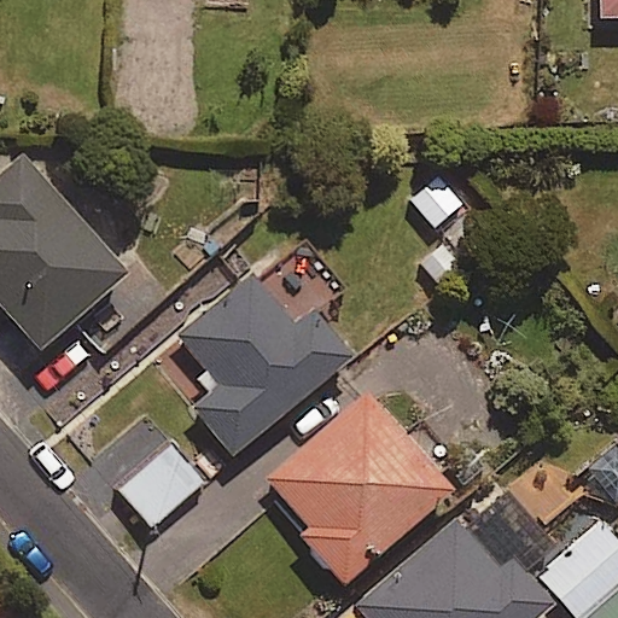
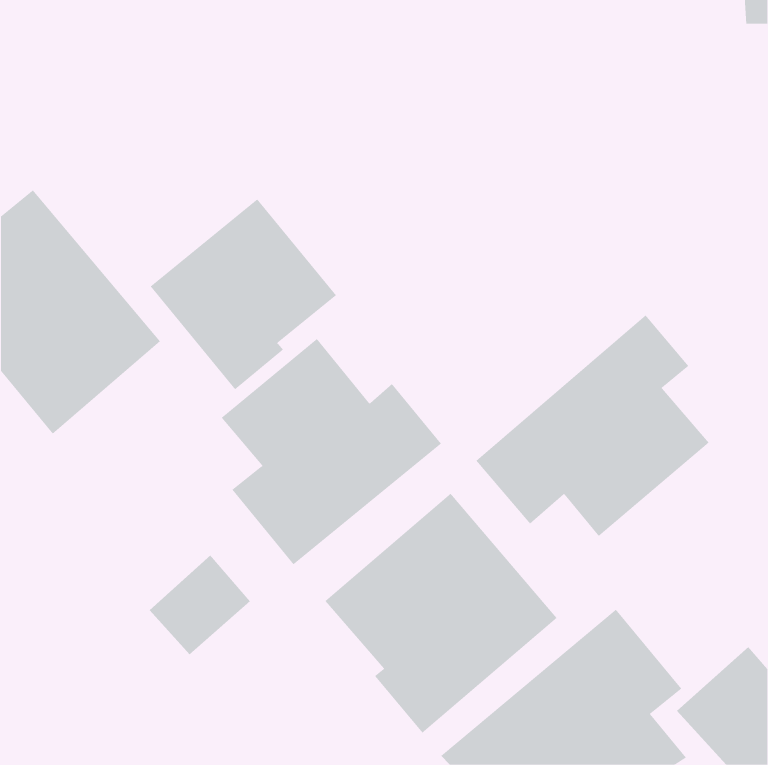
building: none -> [150,198,337,390]
building: none -> [476,315,710,537]

